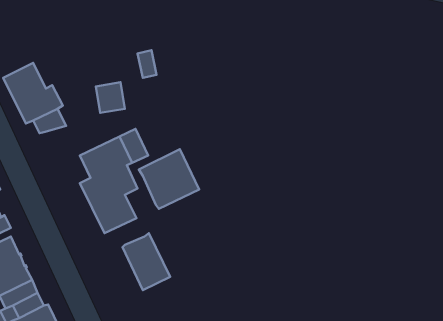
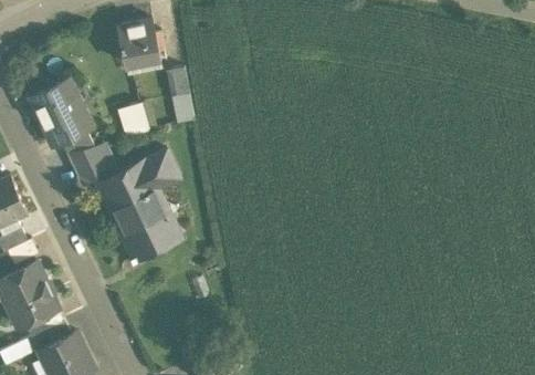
building: none -> [116,20,164,66]
building: none -> [71,144,114,183]
building: [139,149,199,209] -> none
building: [122,233,170,290] -> none

